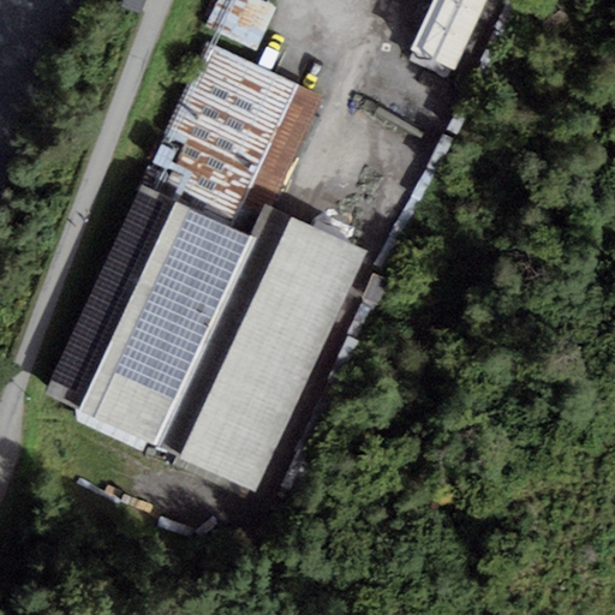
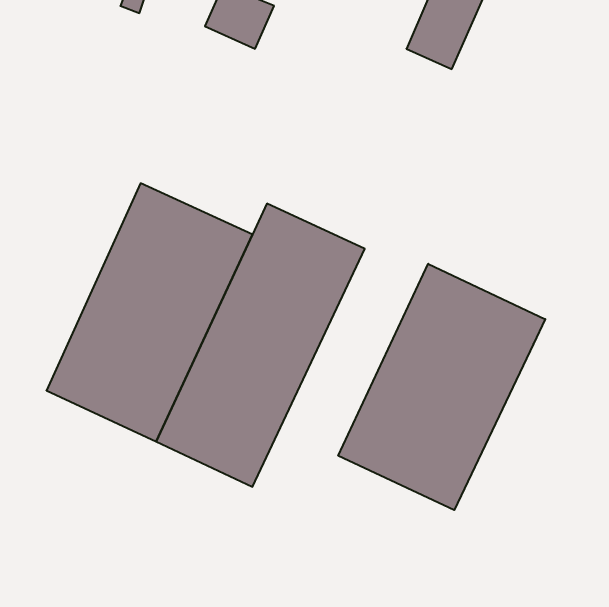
building: [142,44,320,237] -> none
building: none -> [338,264,545,510]

